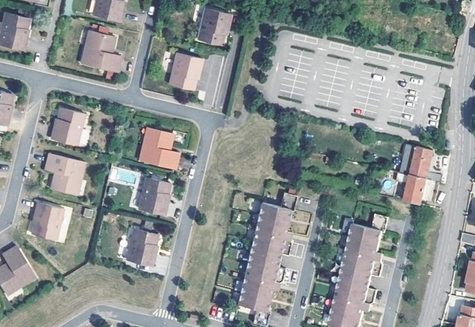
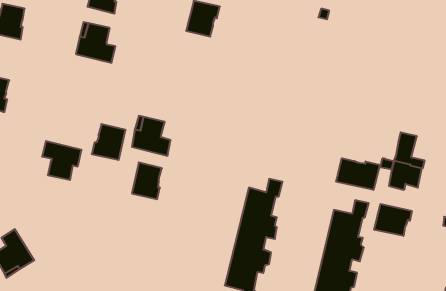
building: [168,54,201,90] -> none
building: [52,108,87,145] -> [92,124,126,160]
building: none -> [336,158,380,190]
building: [33,202,65,239] -> none
building: none -> [374,204,412,236]
building: [126,227,158,265] -> none

